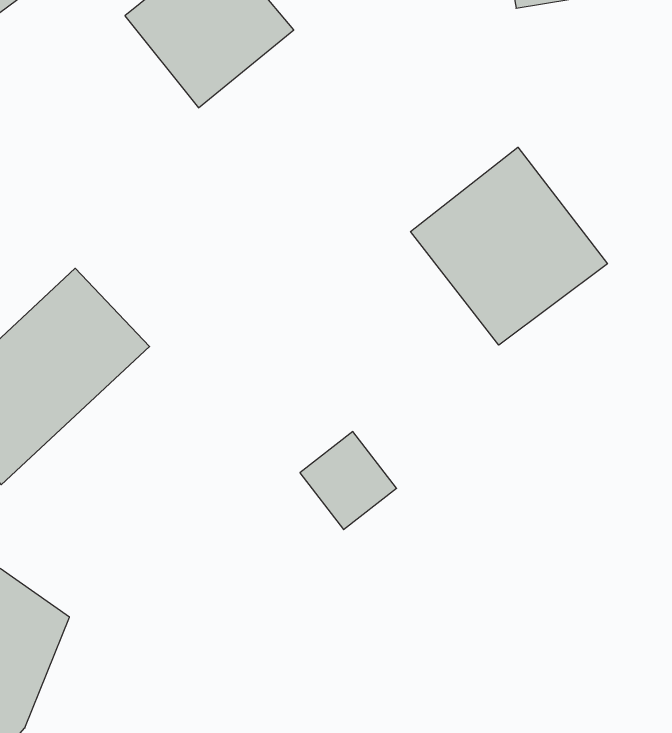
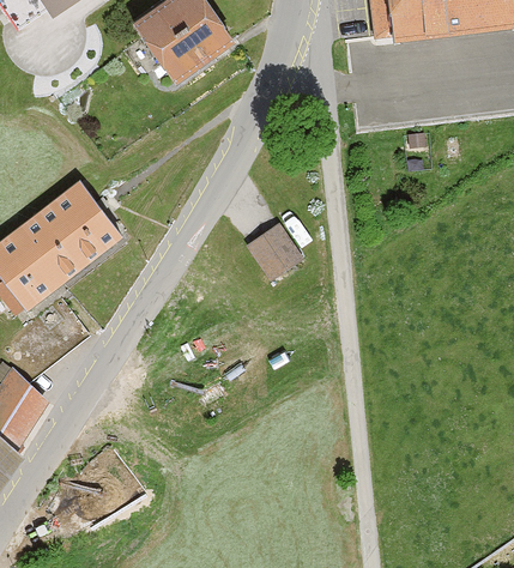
building: [411,147,607,345] -> none
building: [300,432,397,530] -> [243,219,303,280]

